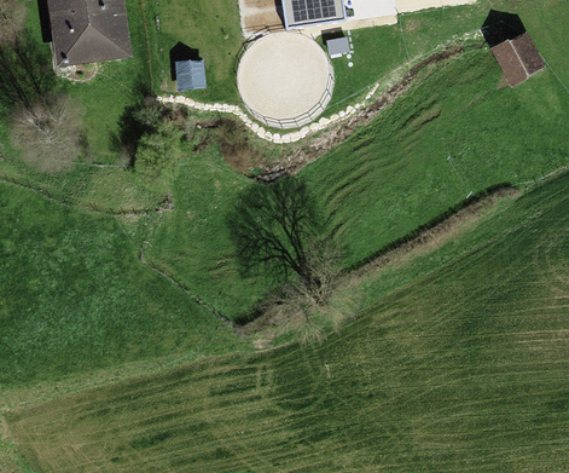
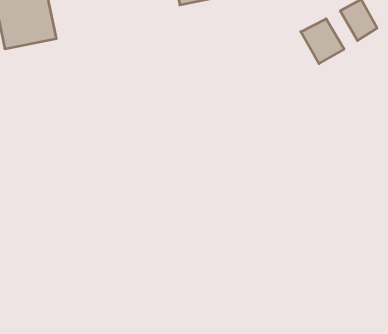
building: none -> [301,19,344,64]

